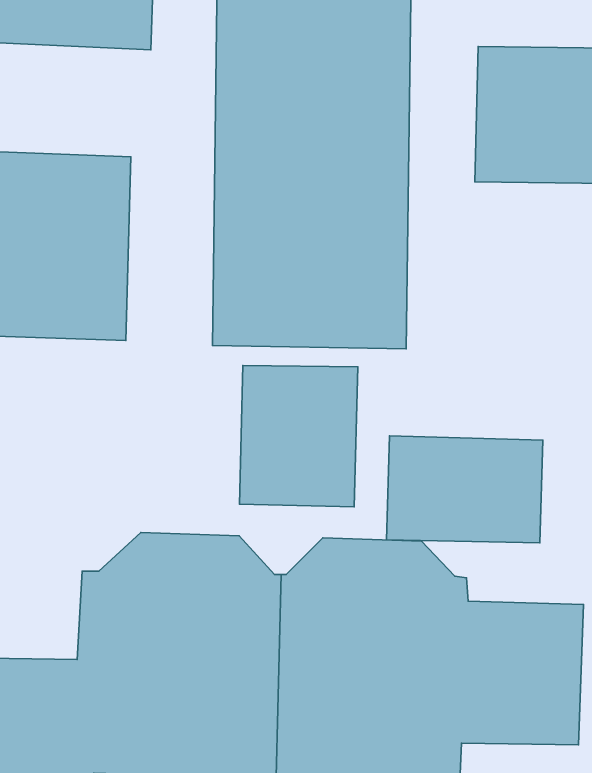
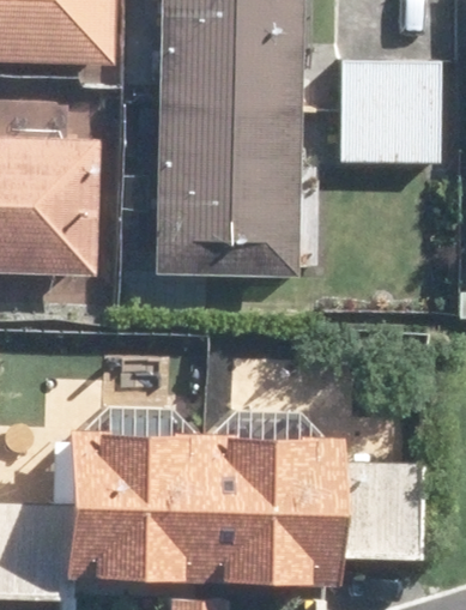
building: [239,366,358,507] -> none
building: [387,436,543,543] -> none

